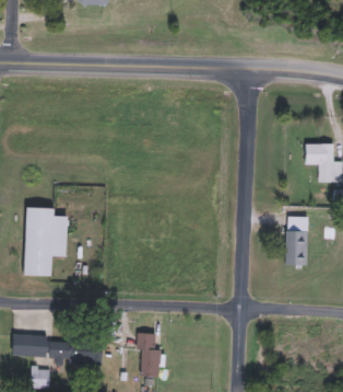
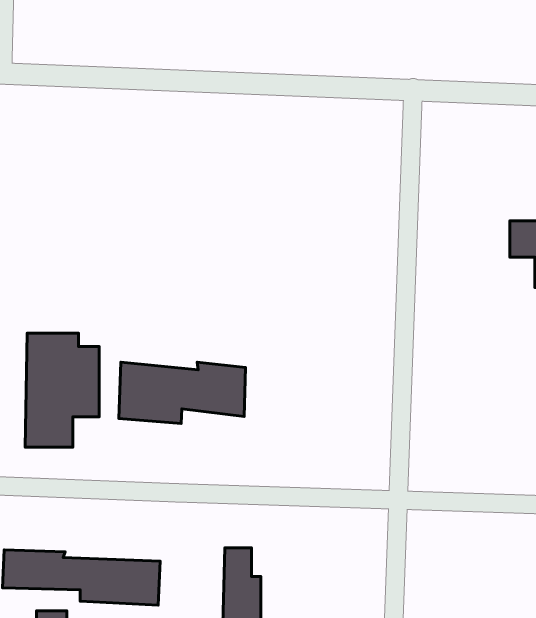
building: [286,217,308,267] -> none
building: none -> [119,362,246,423]

